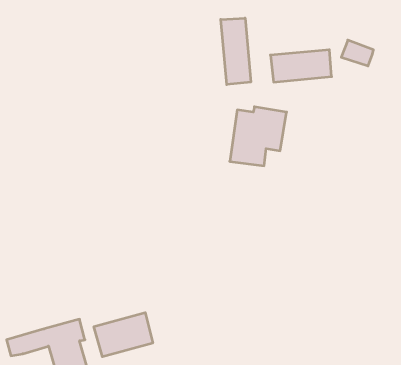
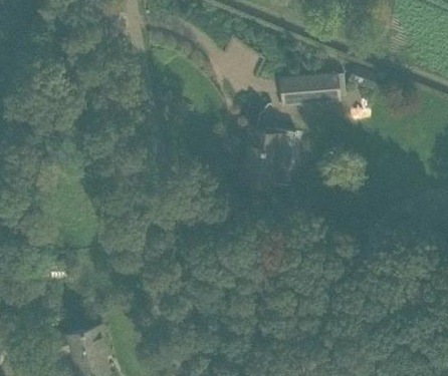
building: [221,18,251,85] -> none
building: [94,313,153,357] -> none

